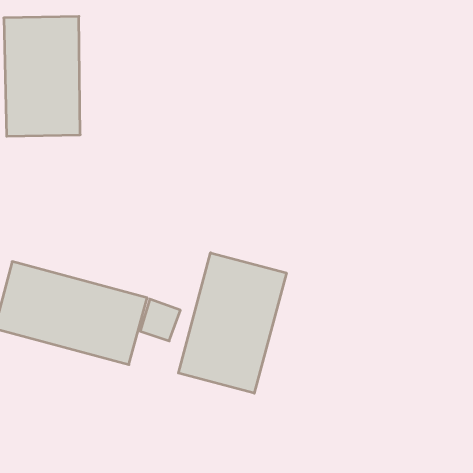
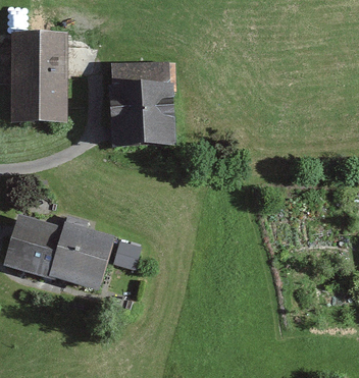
building: none -> [109,61,176,149]
building: [178,253,286,393] -> none

